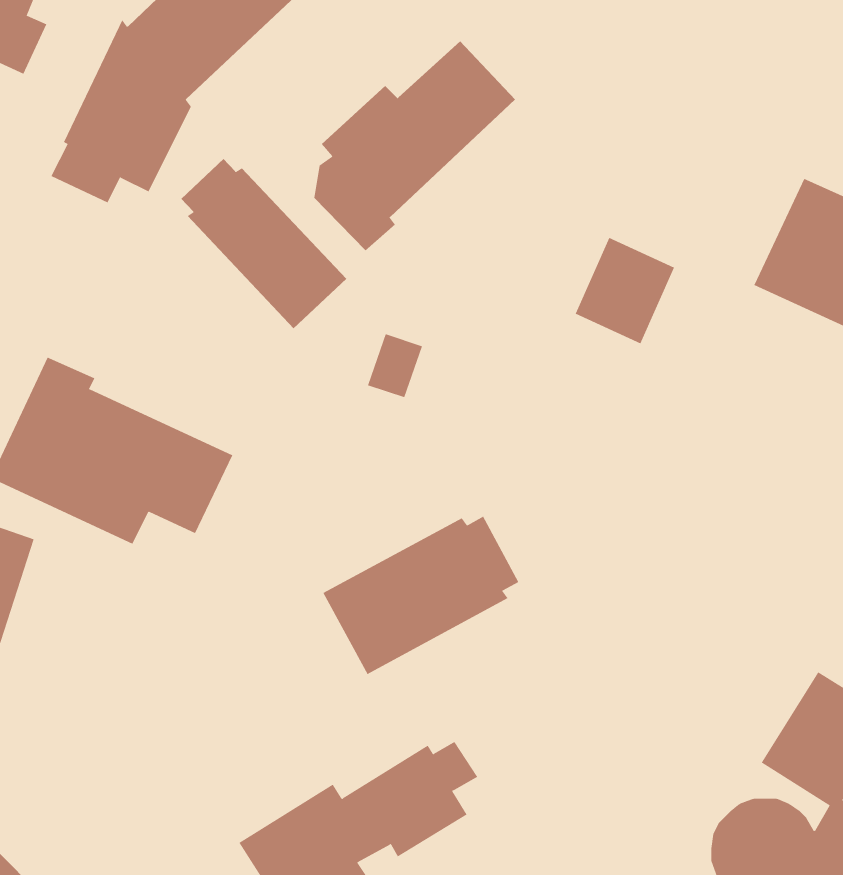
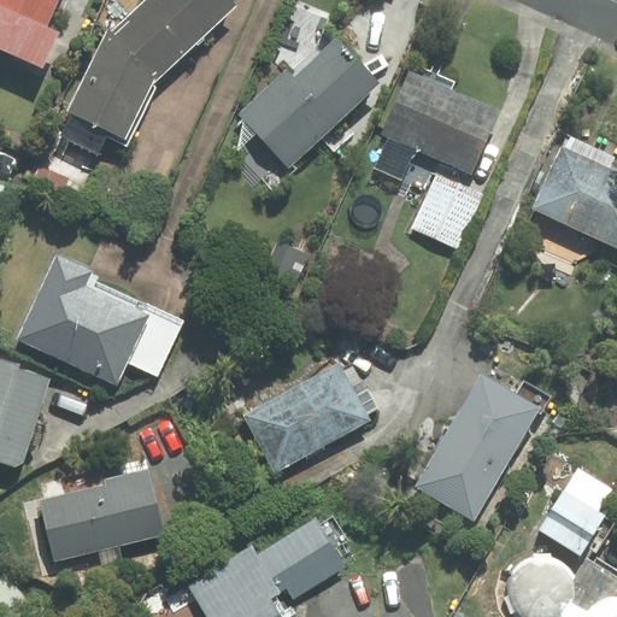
building: none -> [375,71,499,189]
building: [181,158,347,329] -> none
building: none -> [415,375,550,519]
building: none -> [40,470,161,560]

